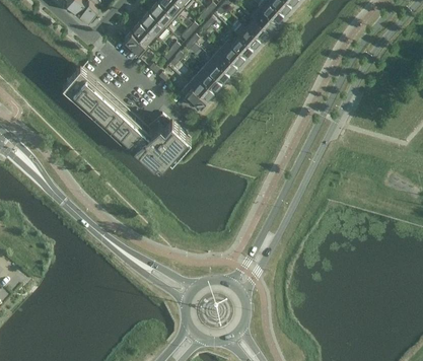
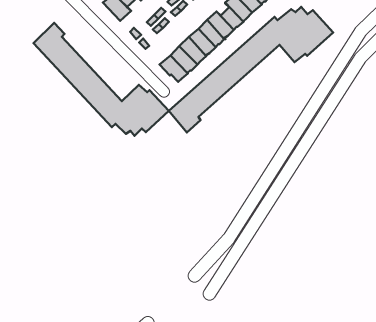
building: none -> [169,7,333,133]

